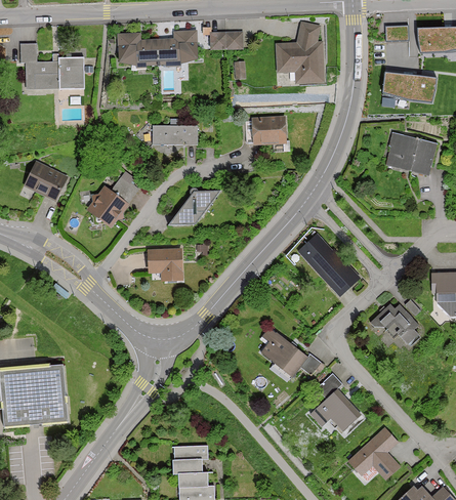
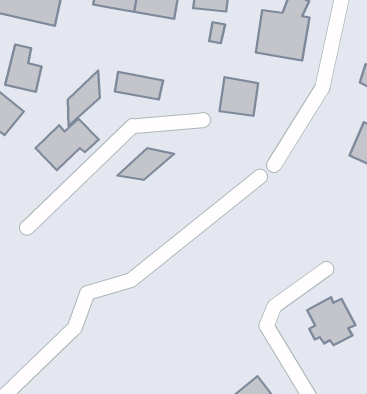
building: none -> [5,45,42,92]
building: none -> [68,71,100,126]
building: [298,234,357,293] -> none
building: [149,245,180,278] -> none
building: [258,328,321,379] -> none

